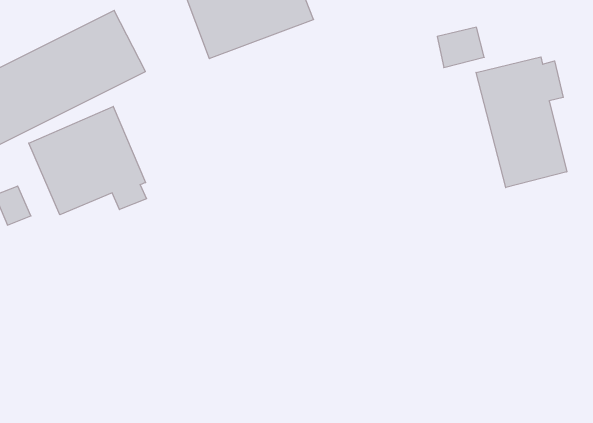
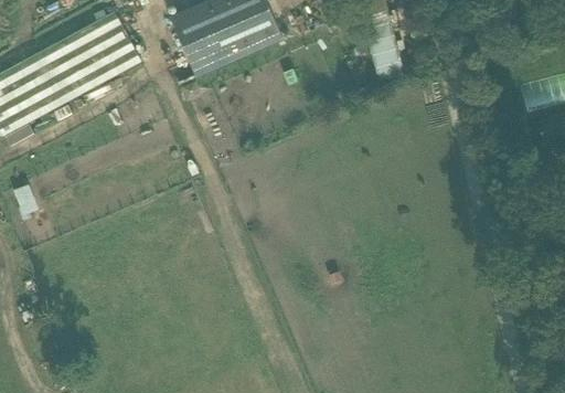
building: [476,57,567,188] -> none
building: [29,106,146,215] -> none

